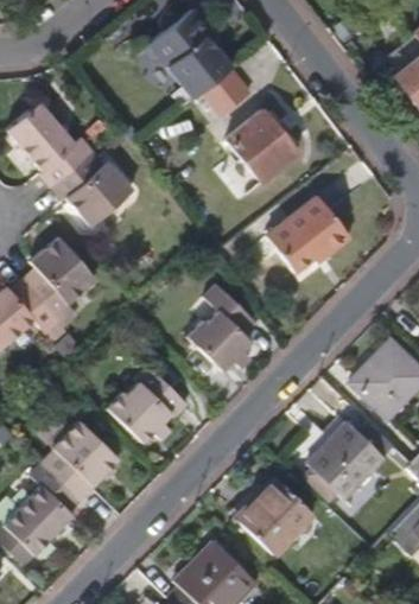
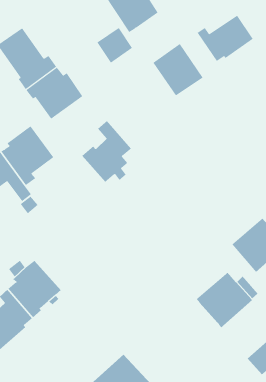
building: none -> [197,15,253,62]
building: [198,65,249,116] -> [97,27,133,63]
building: [265,196,348,272] -> none
building: [188,284,256,370] -> [82,120,132,182]
building: [109,368,189,444] -> none
building: [240,476,315,552] -> none

